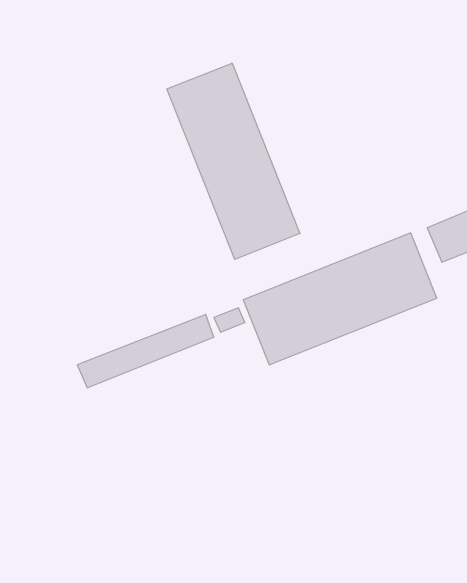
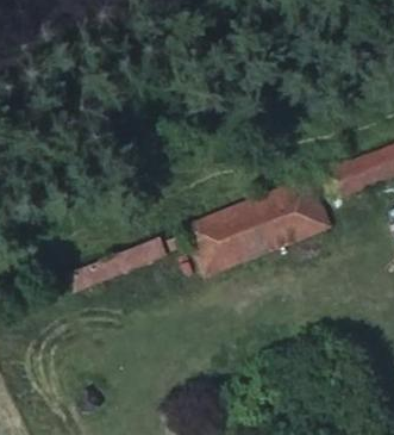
building: [167,63,300,259] -> none

